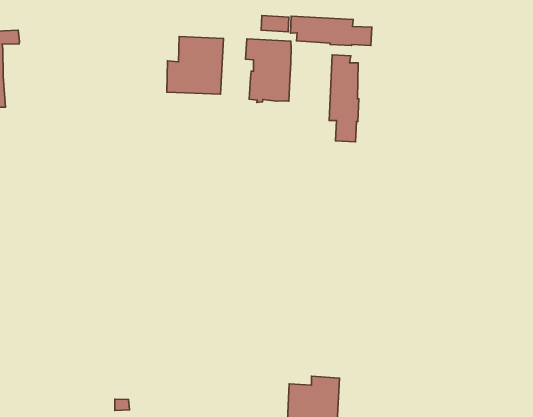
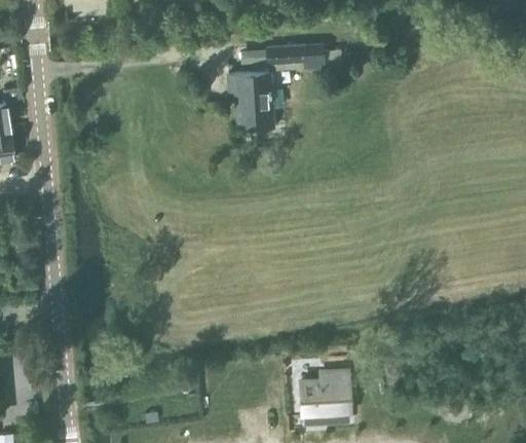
building: [167,36,223,94] -> none
building: [329,55,359,142] -> none

